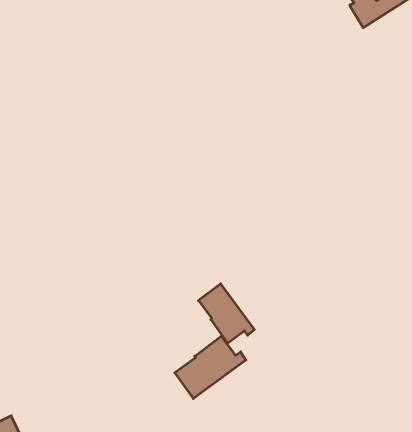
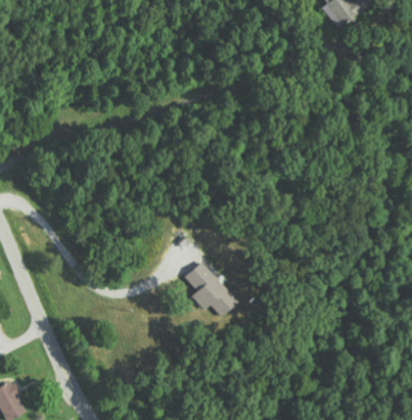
building: [175,336,246,399] -> none

